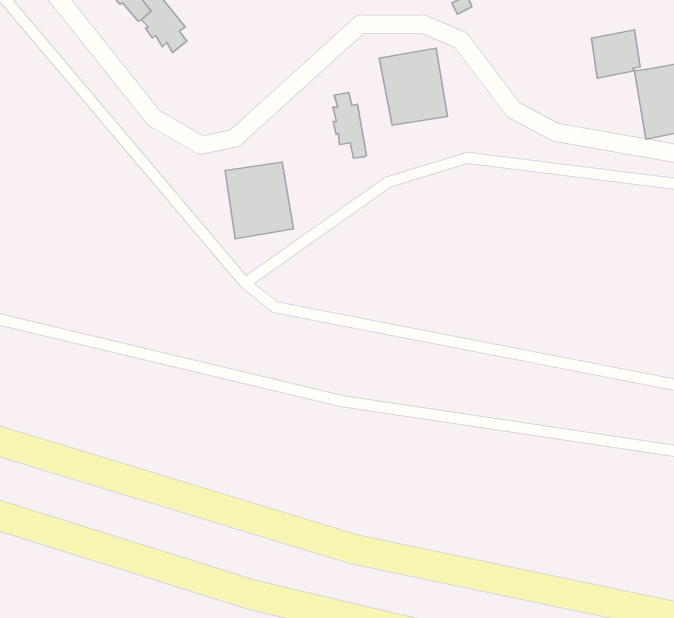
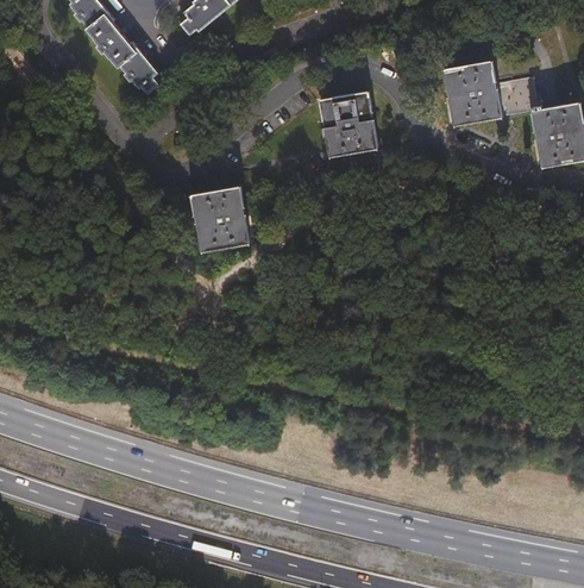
building: none -> [445,62,502,125]
building: [333,92,366,158] -> none

